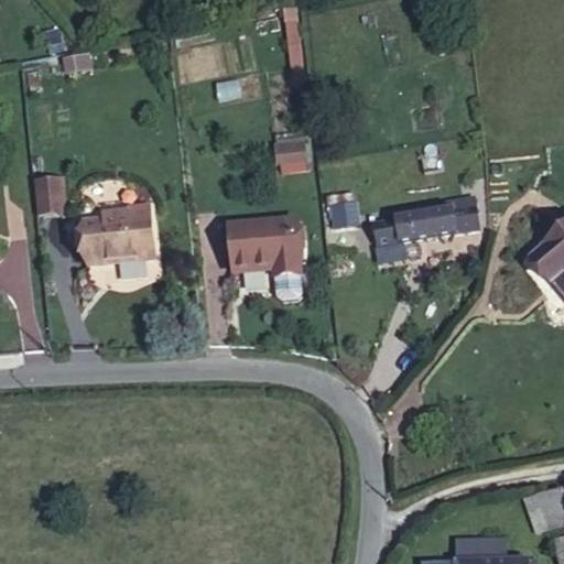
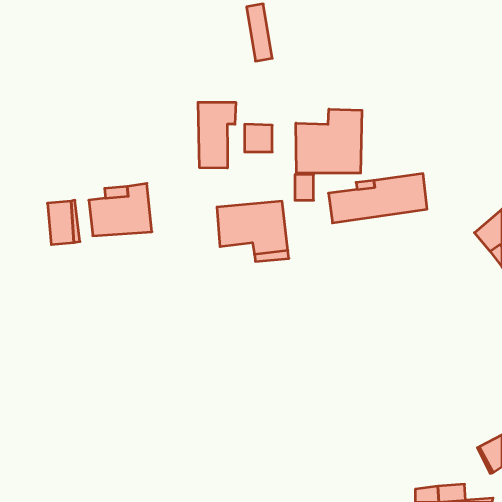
building: none -> [198,102,236,168]
building: none -> [296,109,362,173]
building: [33,174,64,210] -> none

